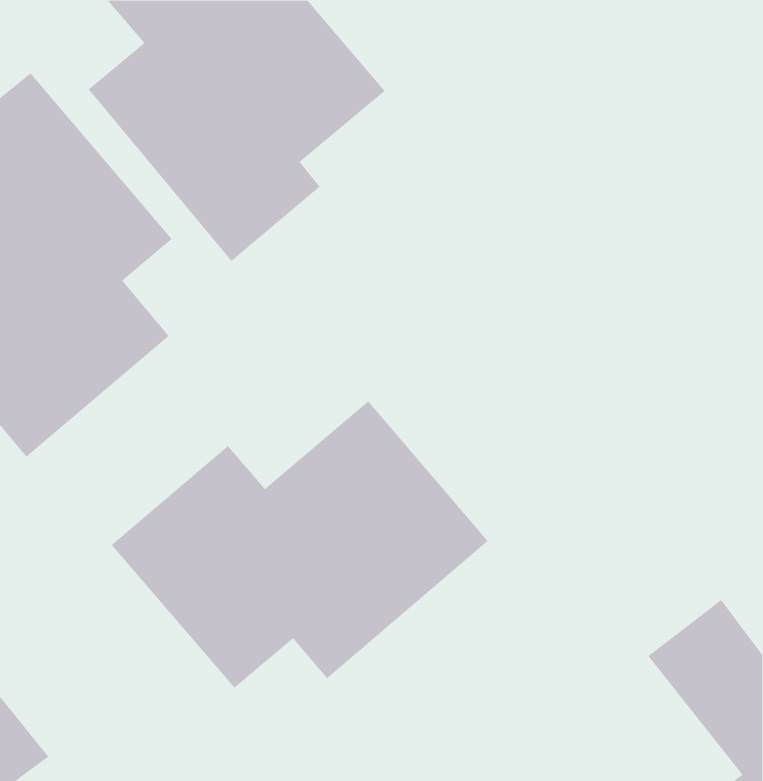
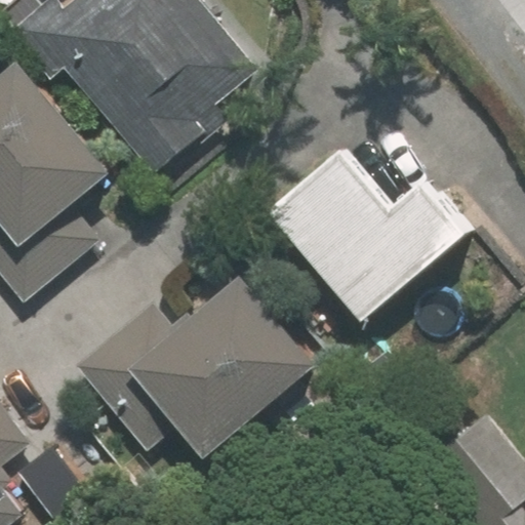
building: none -> [274,140,475,318]

